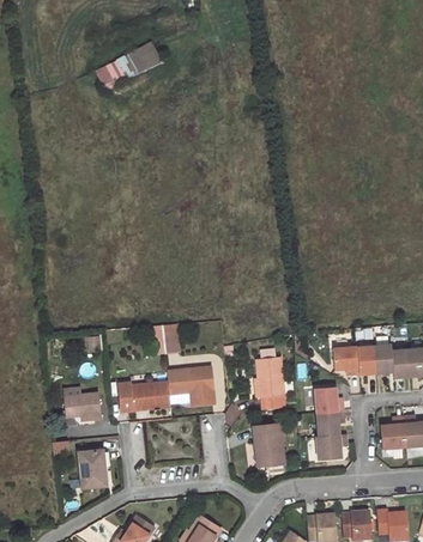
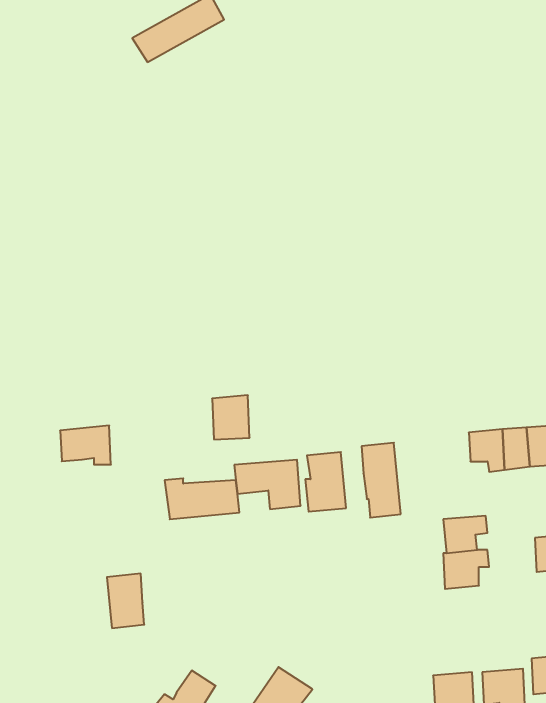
building: [314,385,345,410] -> none
building: [65,391,101,419] -> [60,426,111,465]
building: [255,422,284,464] -> [305,452,346,512]

